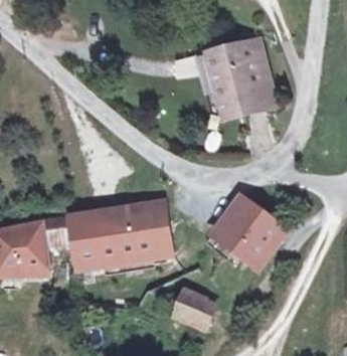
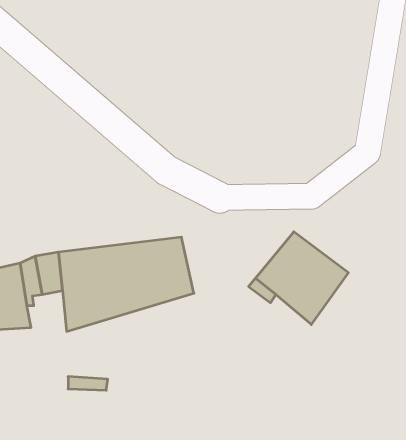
building: [212,45,271,117] -> none
building: [172,288,214,326] -> none

